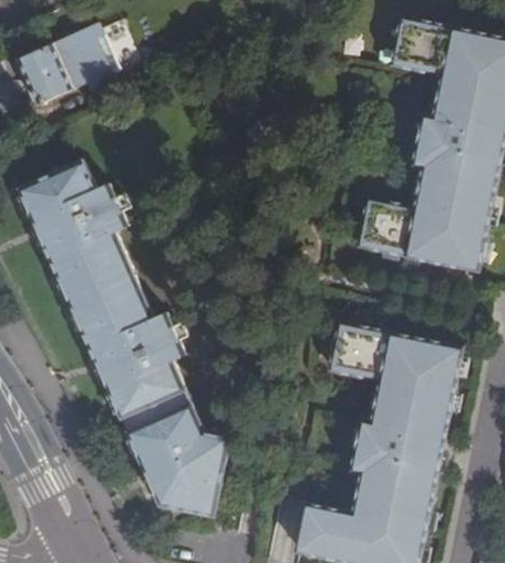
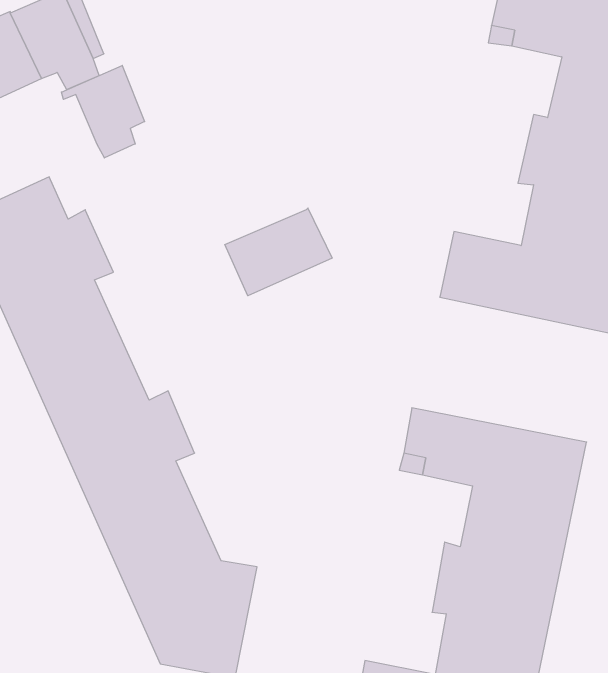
building: none -> [61,65,145,158]
building: none -> [225,208,332,296]

